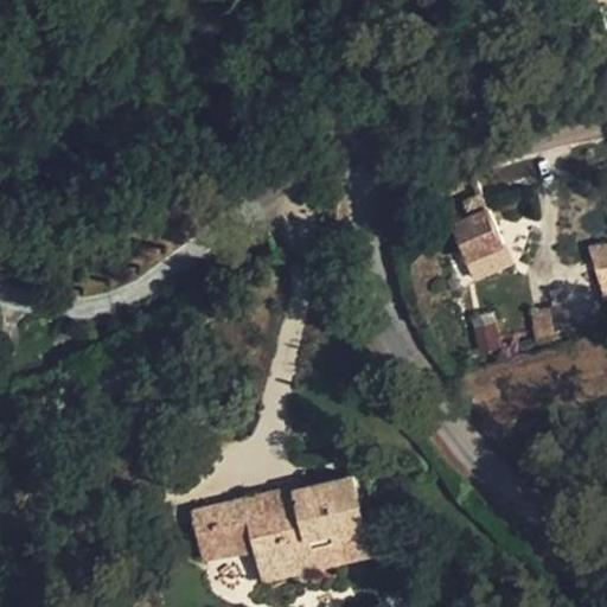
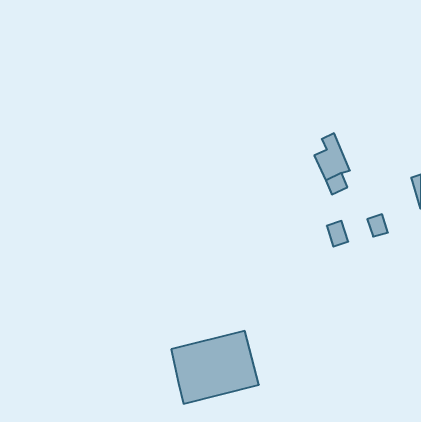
building: [192,501,256,562] -> none

